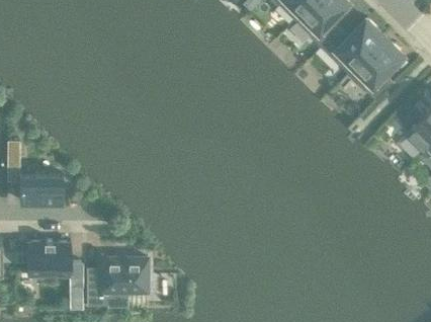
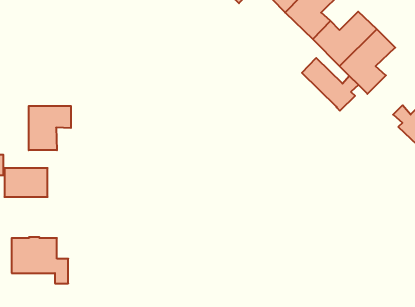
building: none -> [302,58,359,111]
building: none -> [29,106,71,150]
building: [86,258,147,305] -> none

